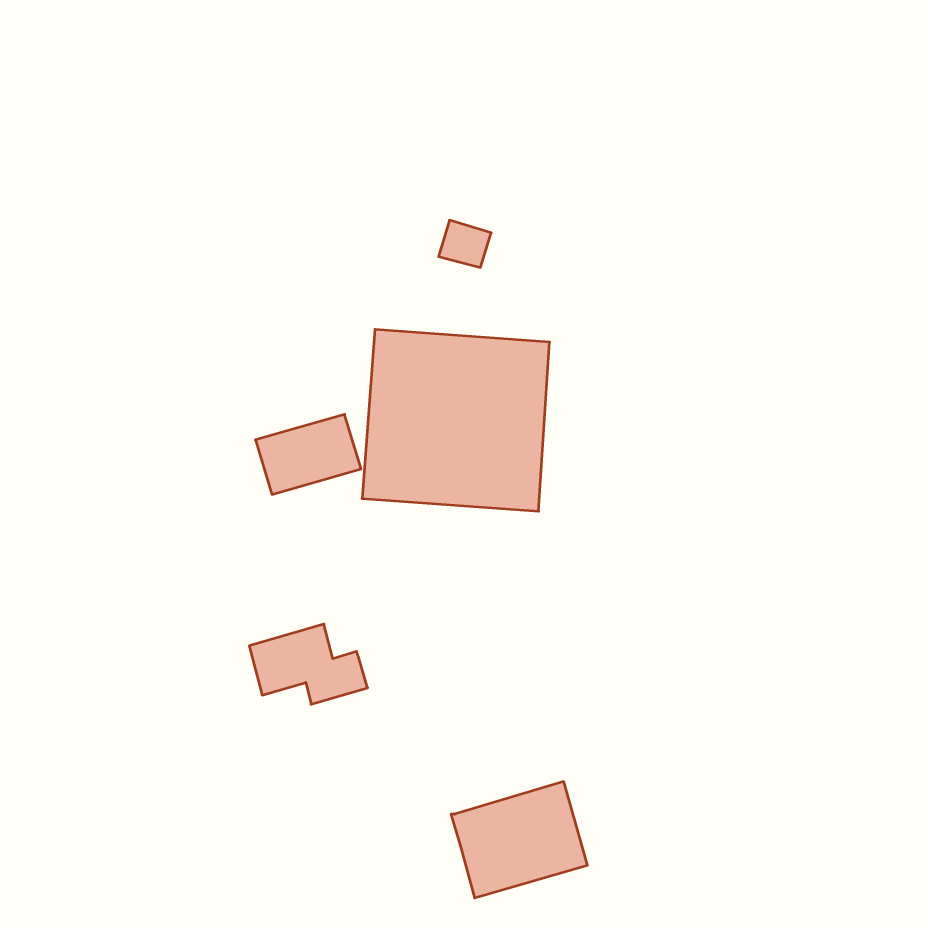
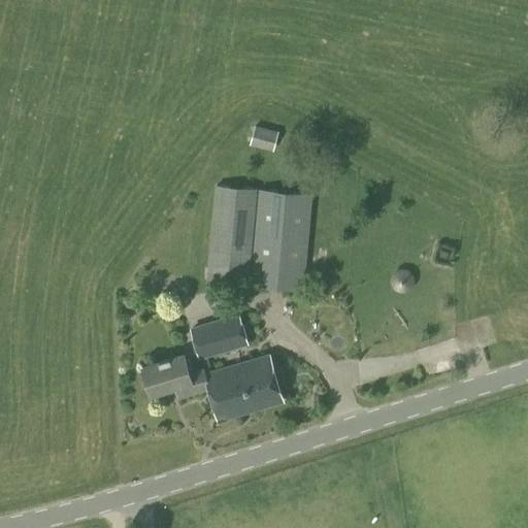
building: [255,414,361,494] -> [190,315,250,360]
building: [451,782,587,898] -> [204,355,282,421]

